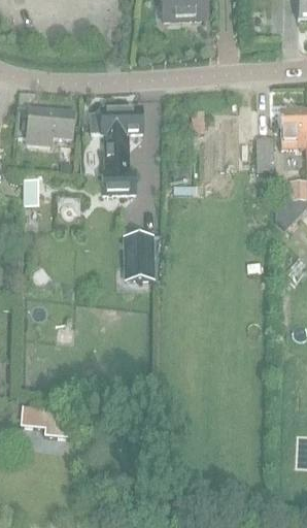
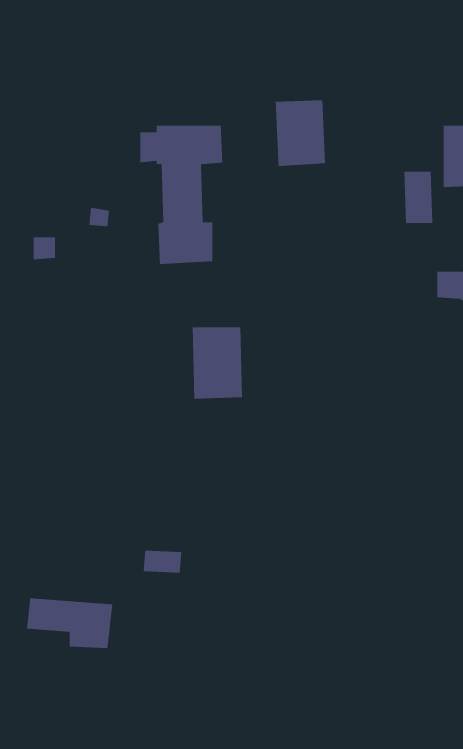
building: none -> [275,99,325,167]
building: [26,107,74,144] -> none

